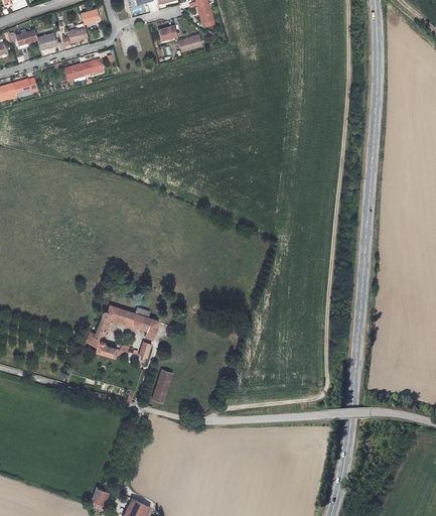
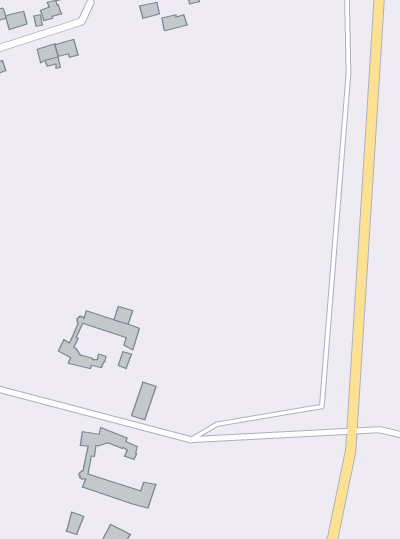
building: none -> [79,427,156,508]

